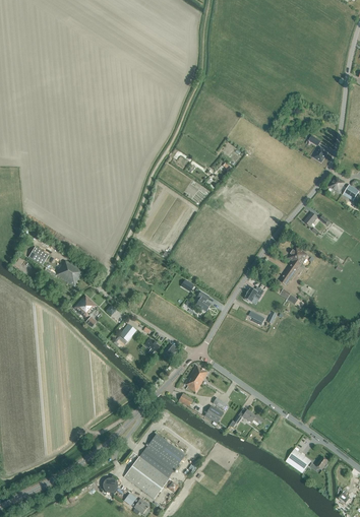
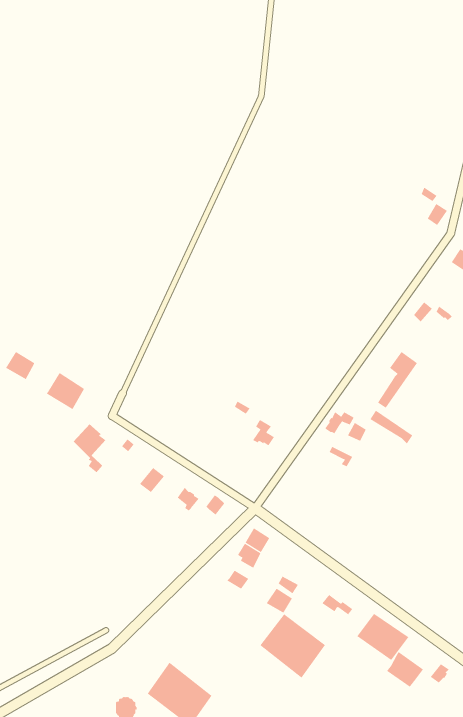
building: none -> [357,613,409,661]
building: [139,434,184,477] -> [260,614,326,678]

